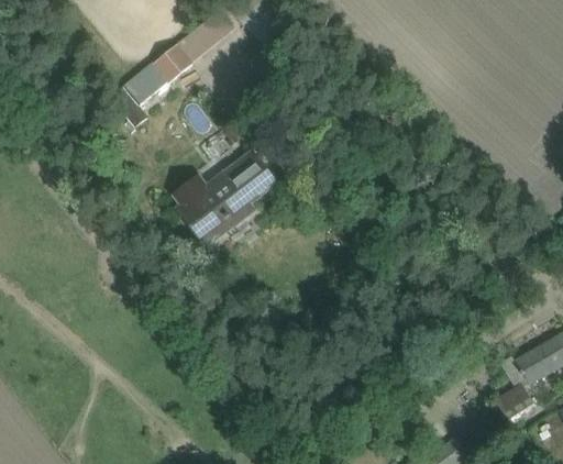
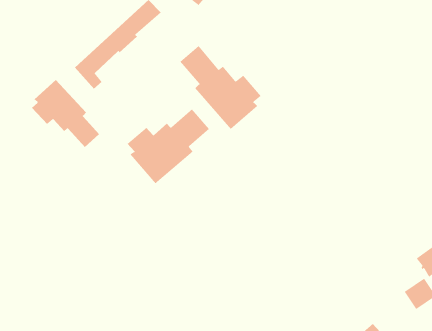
building: none -> [180,45,261,130]
building: none -> [31,79,100,148]

